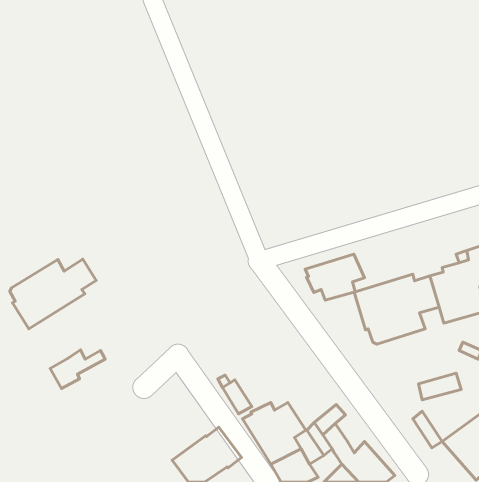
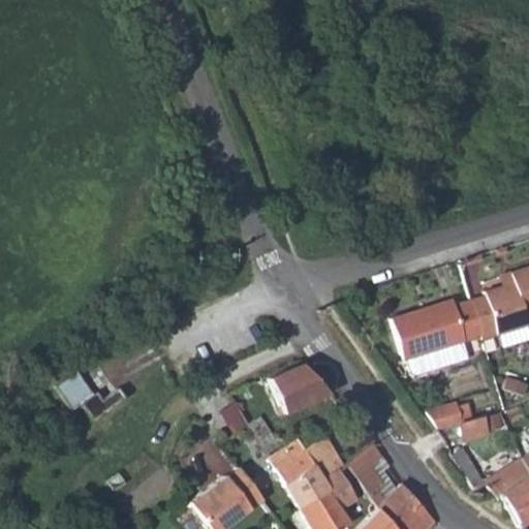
building: [305,254,364,300] -> none
building: [10,259,96,329] -> none
building: none -> [272,357,328,406]
building: none -> [422,397,462,430]

